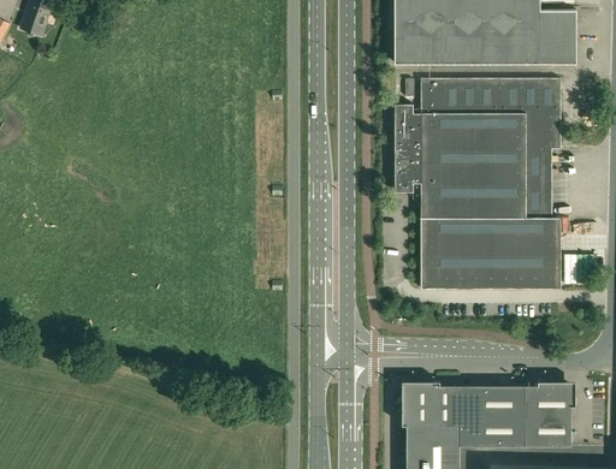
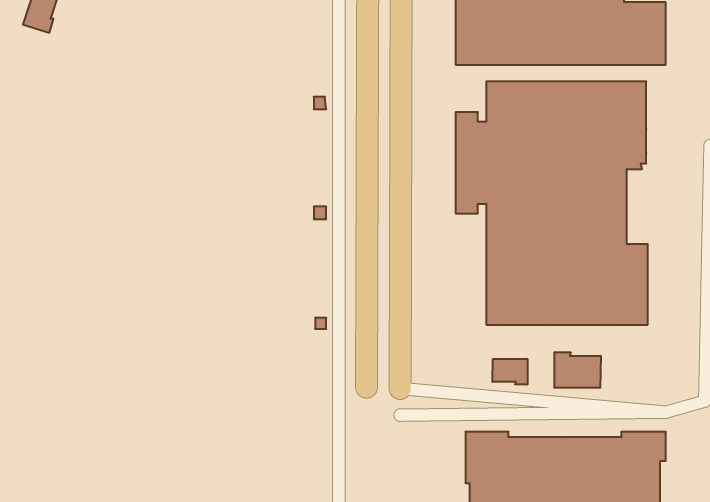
building: none -> [555,352,601,388]
building: none -> [492,359,527,385]

